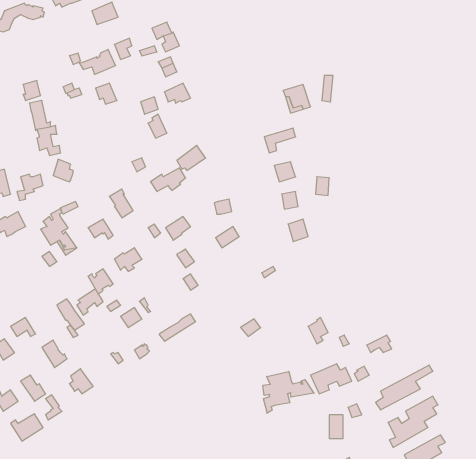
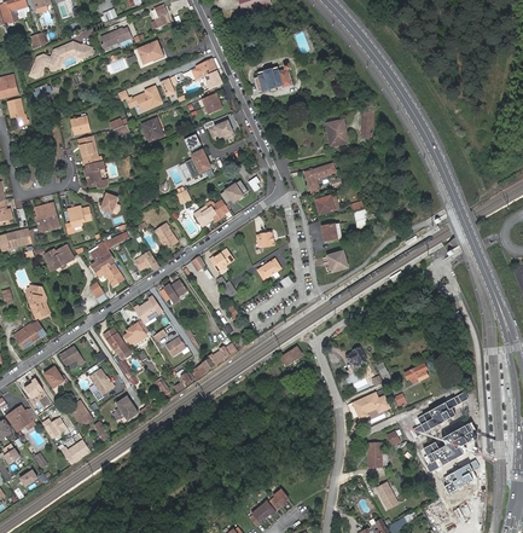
building: none -> [255,63,292,91]
building: [263,371,314,413] -> none

